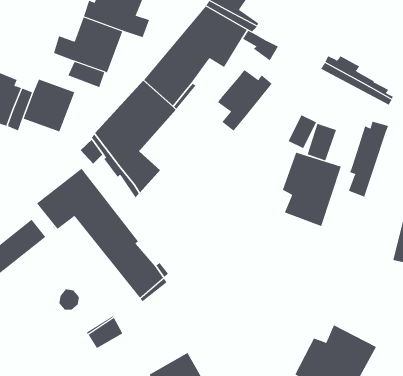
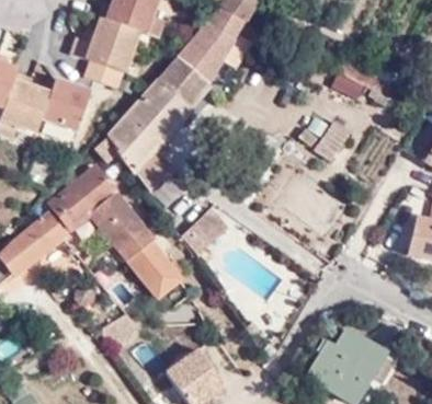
building: [217,69,272,131] -> none
building: [348,121,389,198] -> none
building: [282,152,342,227] -> none
building: none -> [183,208,230,256]

